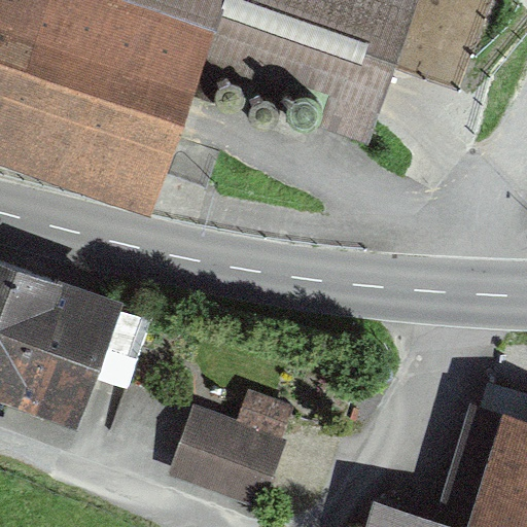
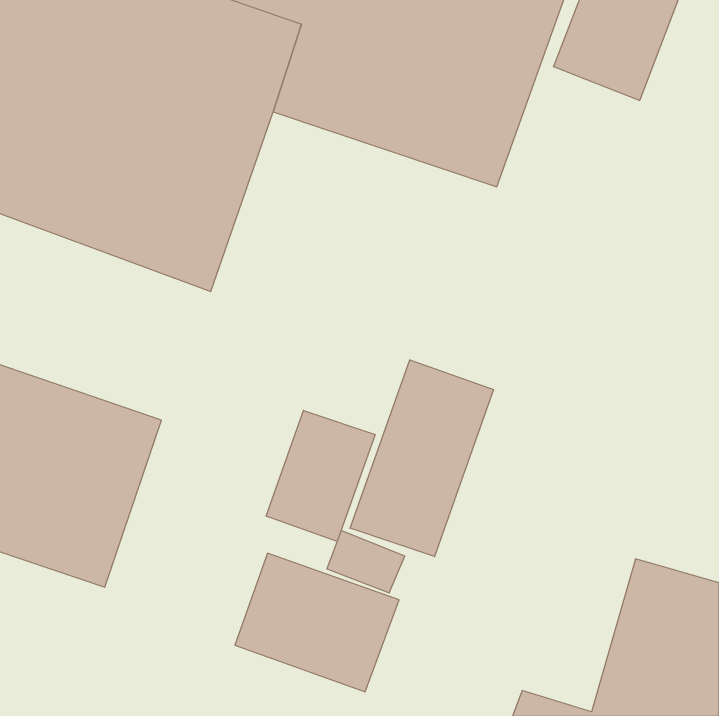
building: none -> [350,360,493,557]
building: none -> [266,410,375,541]

